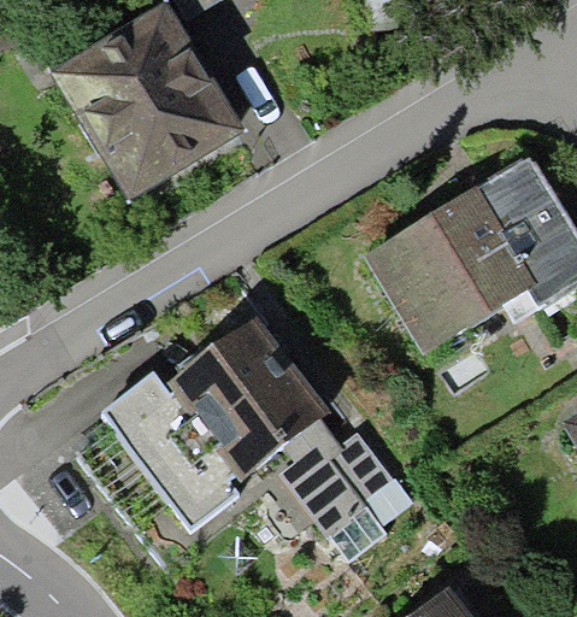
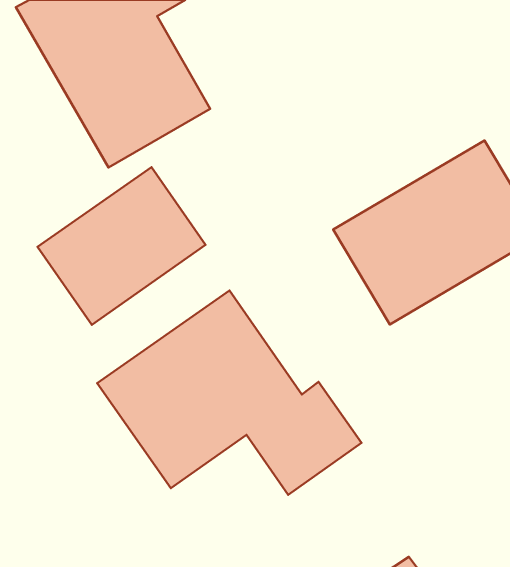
building: none -> [38,167,206,325]

